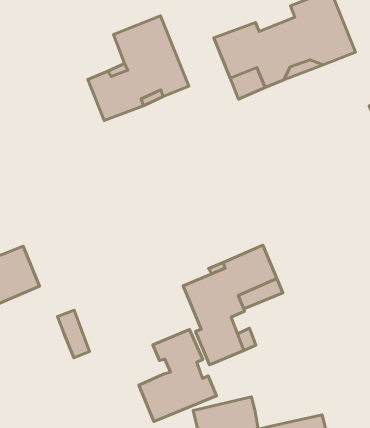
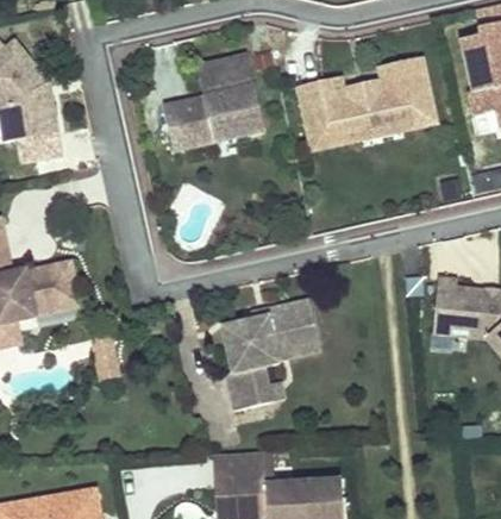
building: [139,330,216,422] -> none

